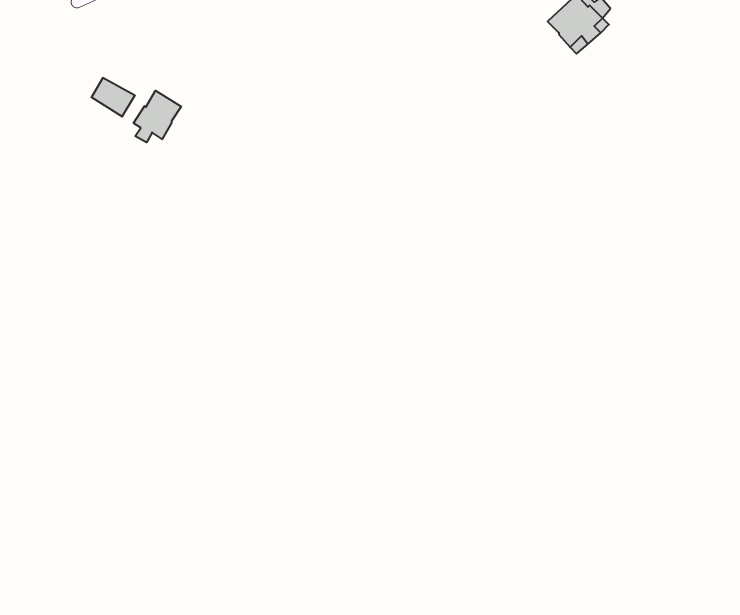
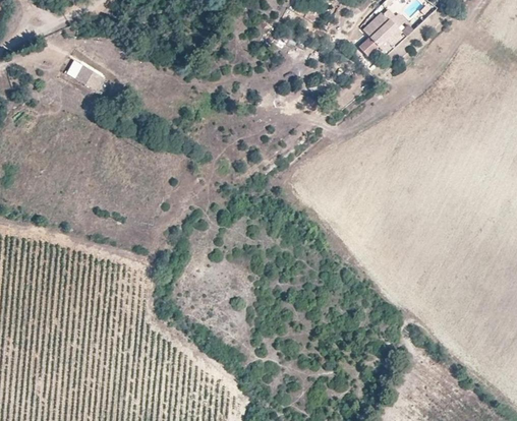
building: [134,91,181,142] -> none

